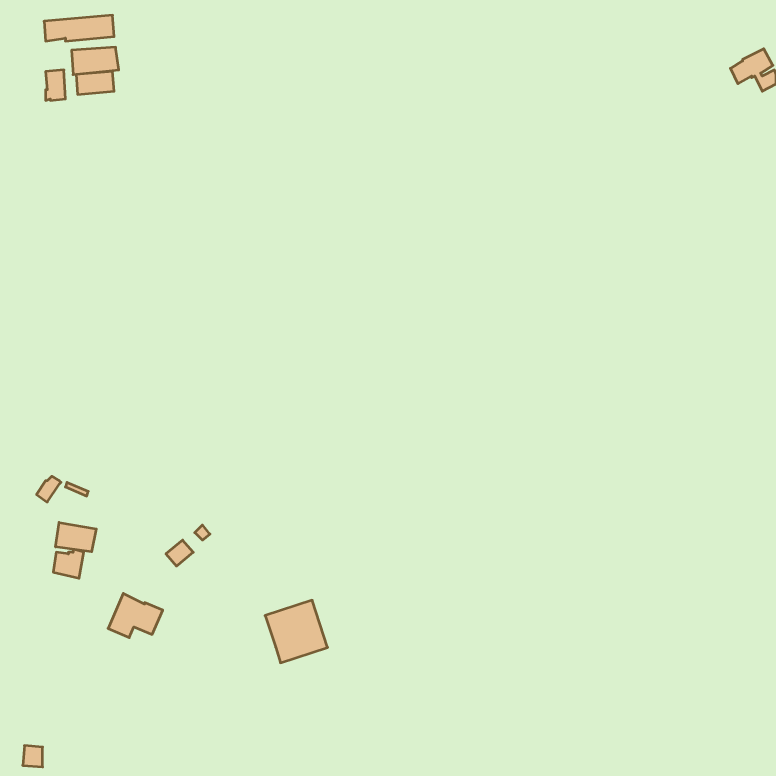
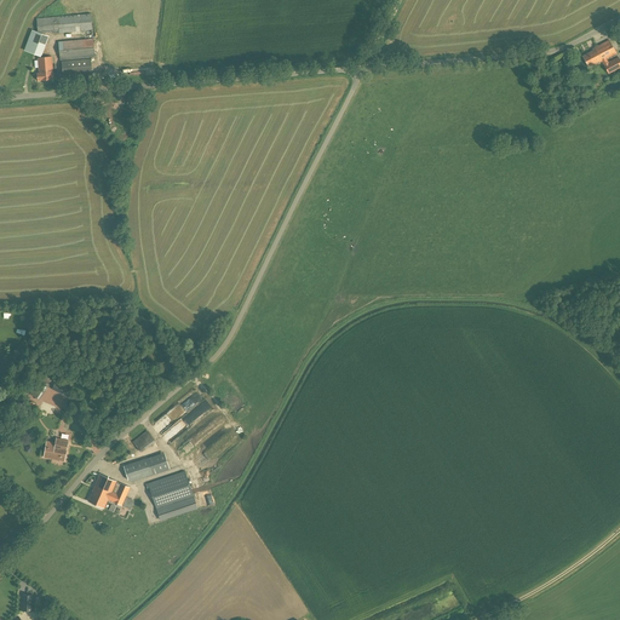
building: [56,522,96,552] -> none
building: none -> [122,455,157,480]
building: [265,600,328,663] -> [147,470,196,519]

